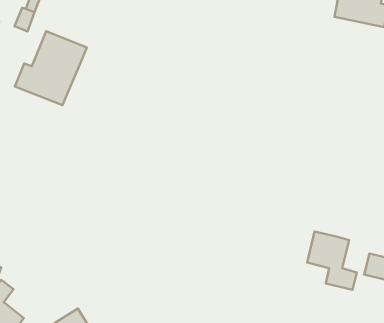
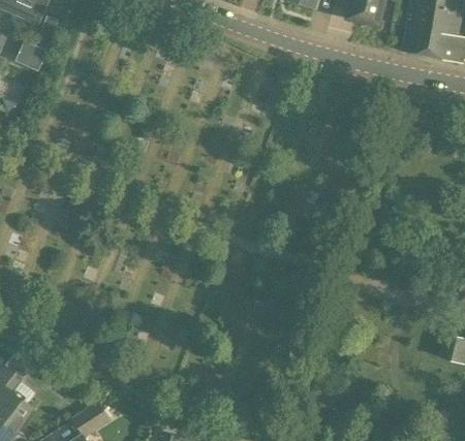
building: [15,31,87,105] -> none
building: [307,232,357,290] -> none

